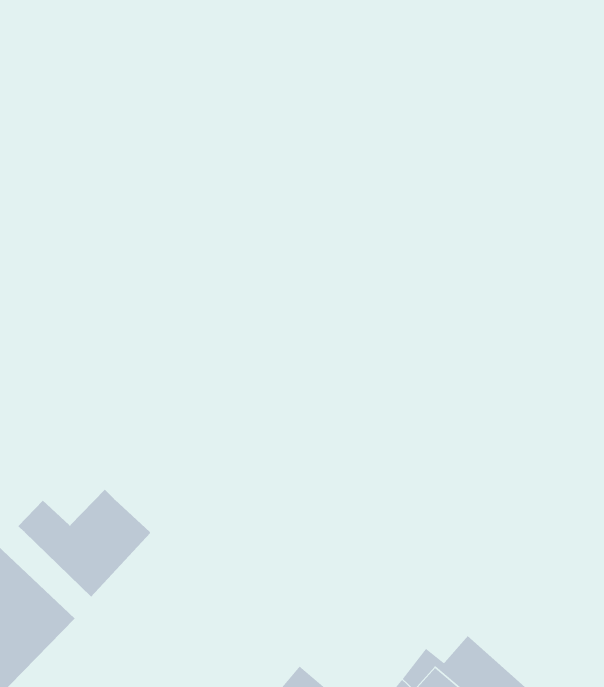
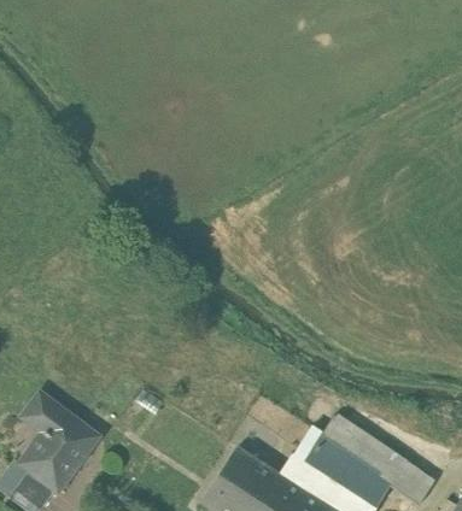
building: [17,489,151,597] -> none

